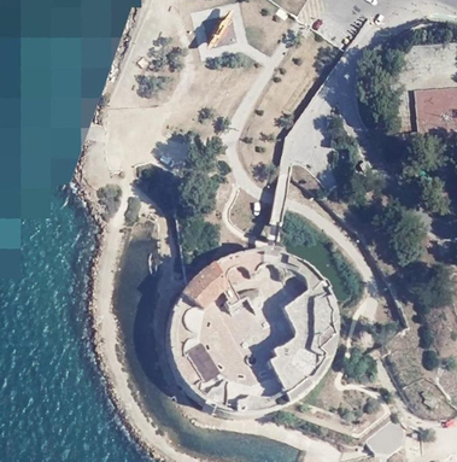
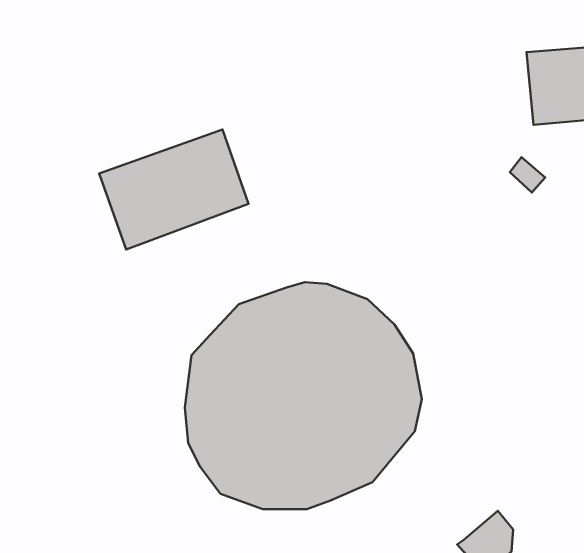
building: none -> [99,129,249,249]

